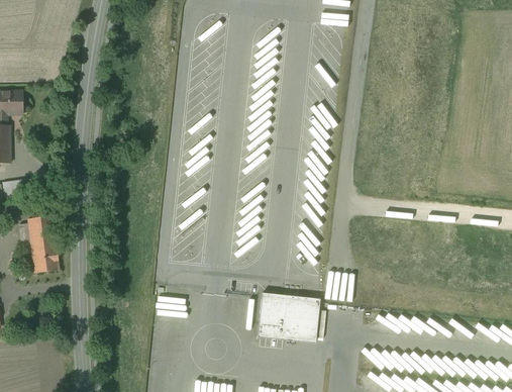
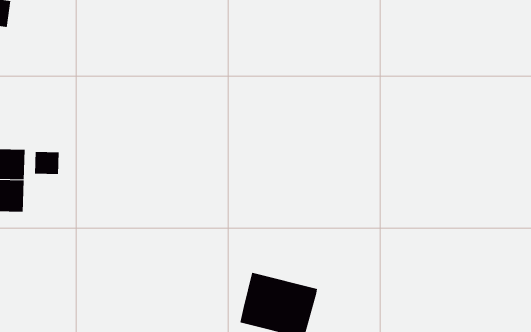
building: none -> [35,151,59,175]

